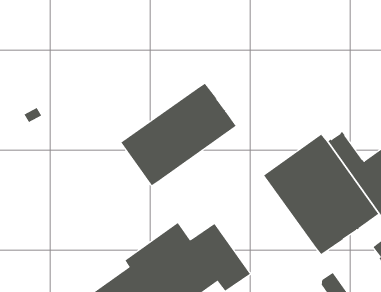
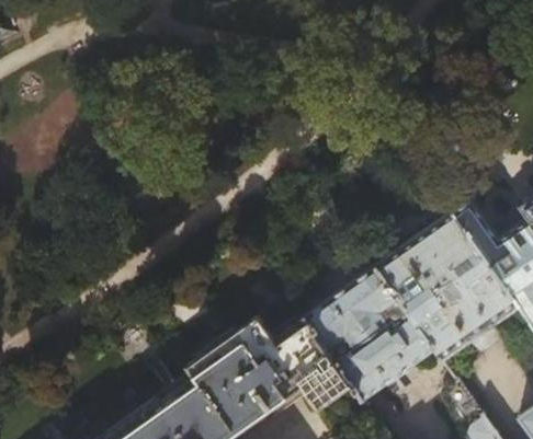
building: [120,83,237,186] -> none
building: none -> [298,262,440,407]

